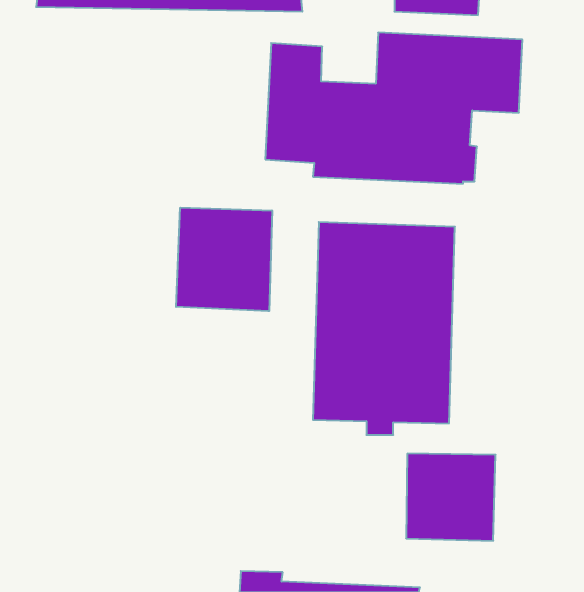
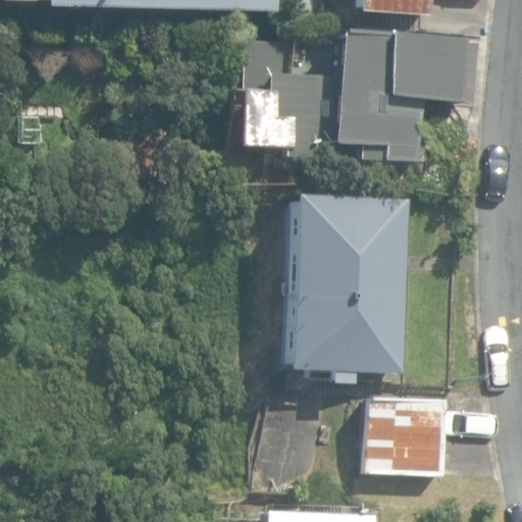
building: [176,208,272,311] -> none

